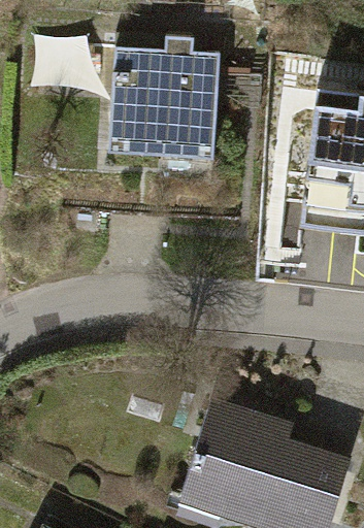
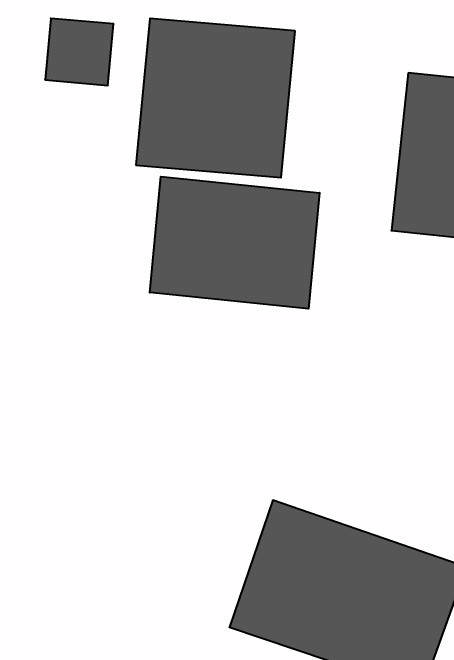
building: none -> [150,177,320,309]

